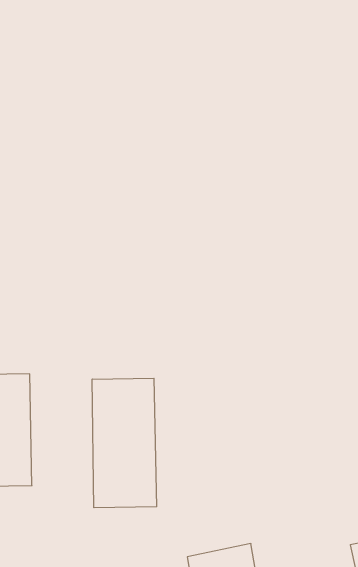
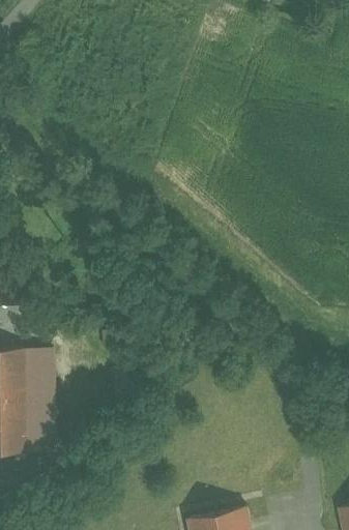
building: [92,378,157,508] -> none

